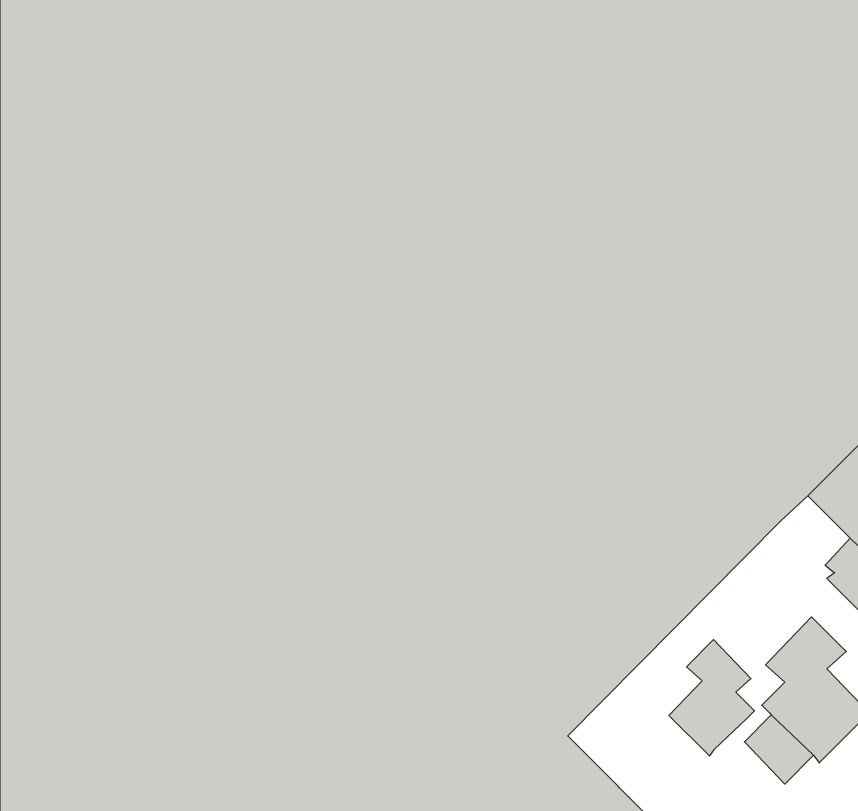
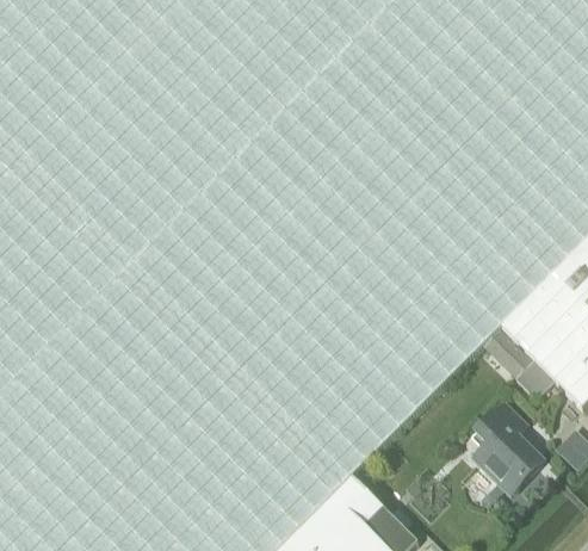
building: [669,640,755,756] -> none

